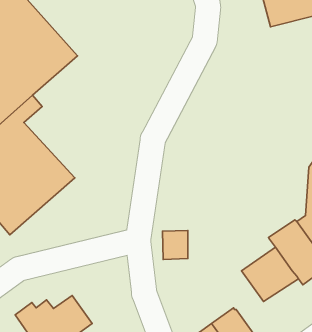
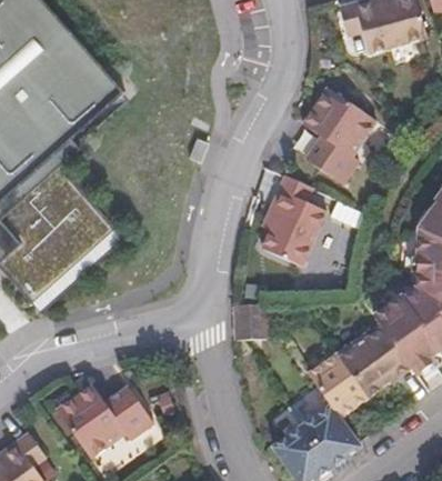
building: none -> [305,86,368,181]
building: none -> [261,187,324,263]
building: none -> [301,354,361,415]

